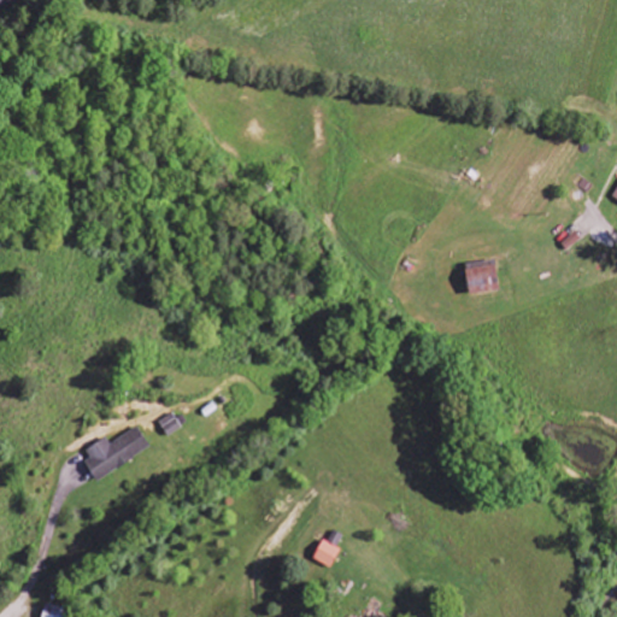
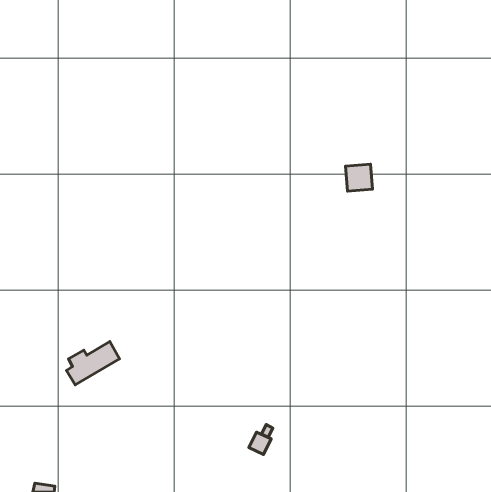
building: [464,260,498,294] -> [346,164,373,191]

